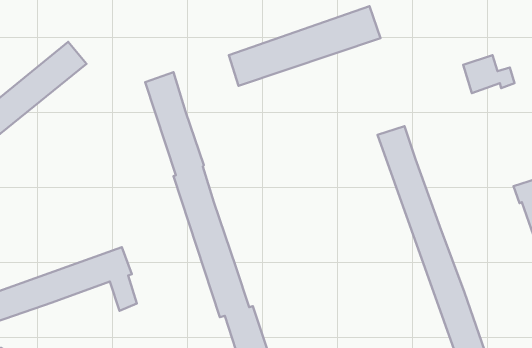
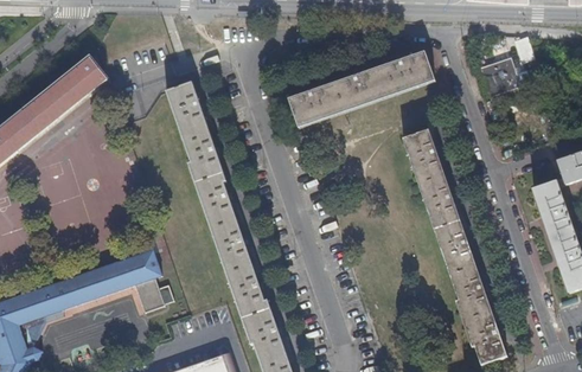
building: [229,6,380,86] -> [288,50,435,127]

